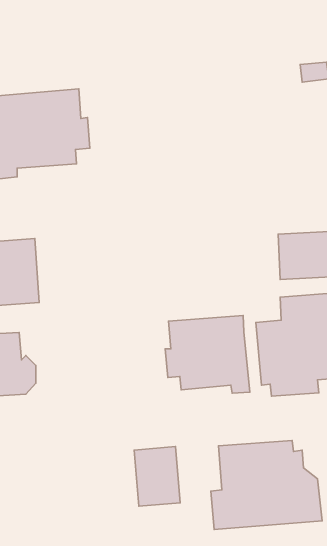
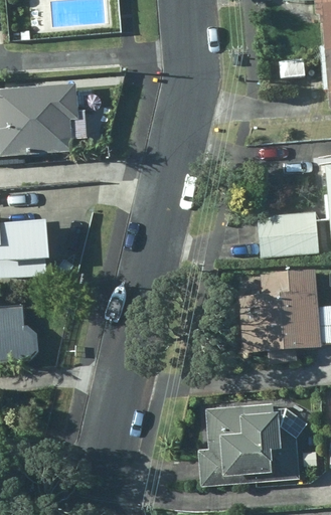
building: [165,315,250,393] -> none
building: [134,447,180,506] -> none

